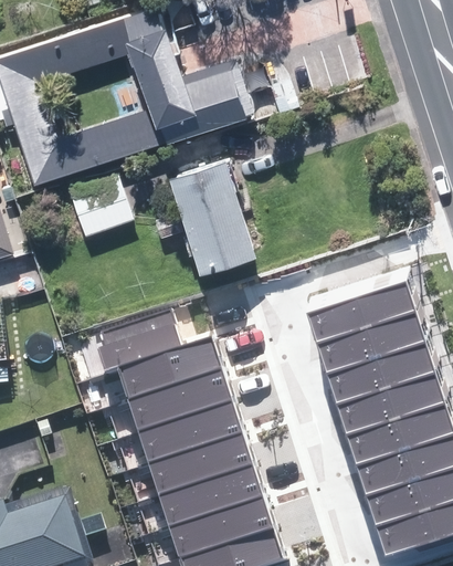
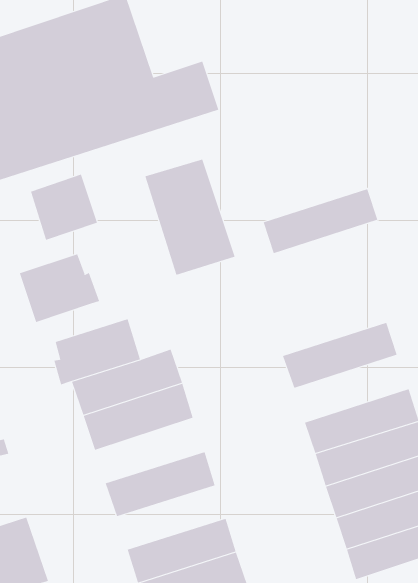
building: none -> [19,254,100,323]
building: [302,284,411,346] -> [263,188,378,254]
building: [323,345,432,409] -> none
building: [134,405,239,467] -> none
building: [155,469,259,530] -> none

